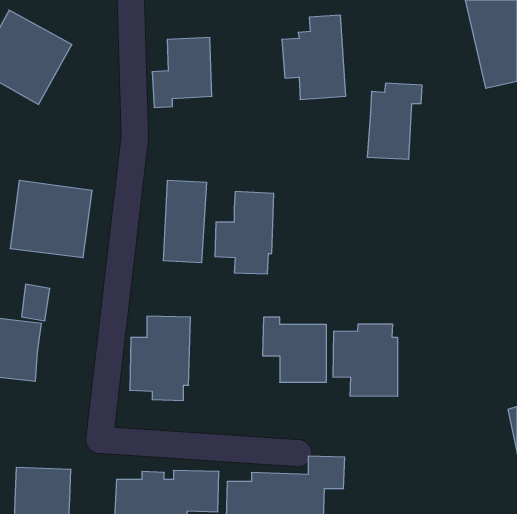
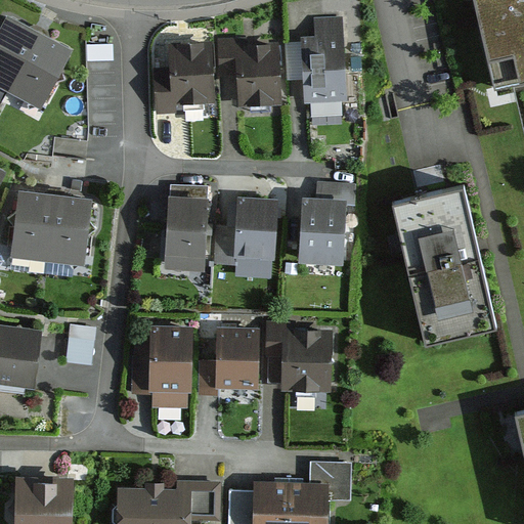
building: none -> [218,40,280,104]
building: [367,83,422,159] -> [299,184,354,261]
building: none -> [393,188,494,346]
building: [22,284,50,321] -> [67,329,95,365]
building: none -> [198,326,260,396]
building: [333,324,397,396] -> none

